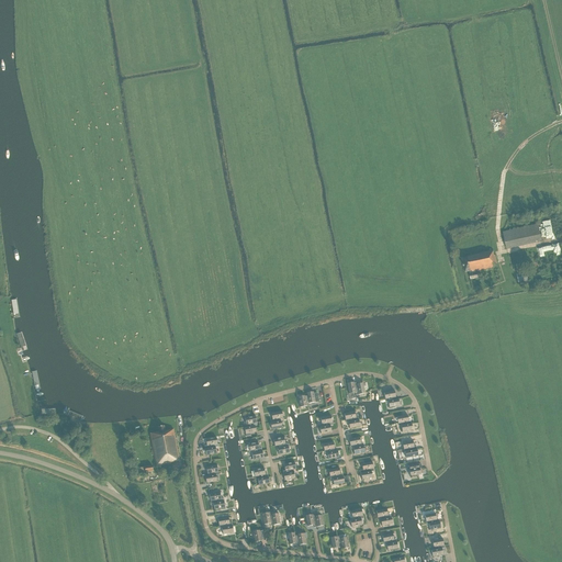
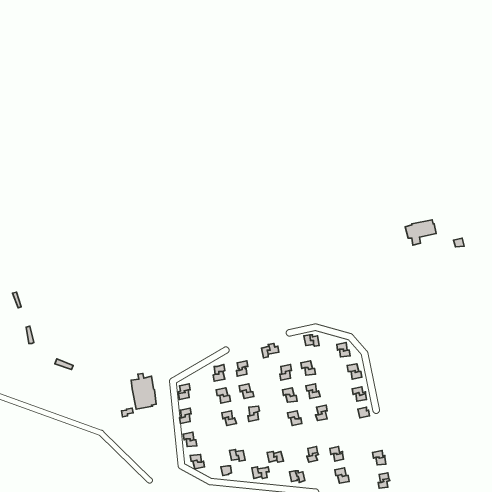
building: [502,223,541,248] -> none

